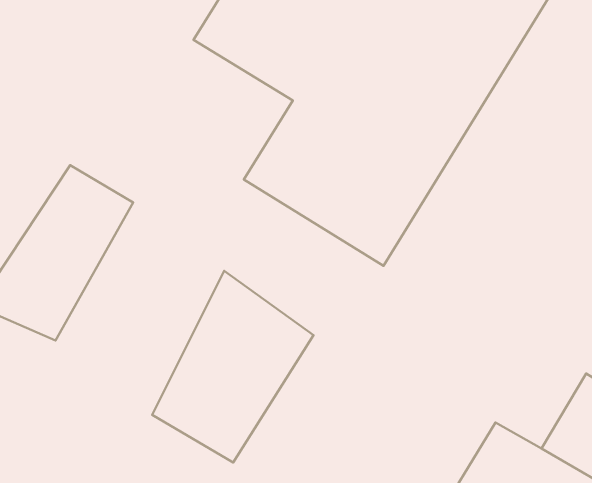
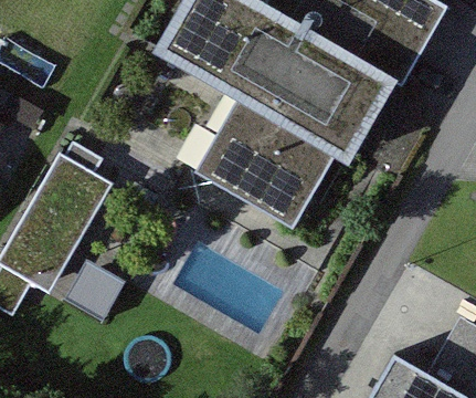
building: [152,271,313,463] -> none

